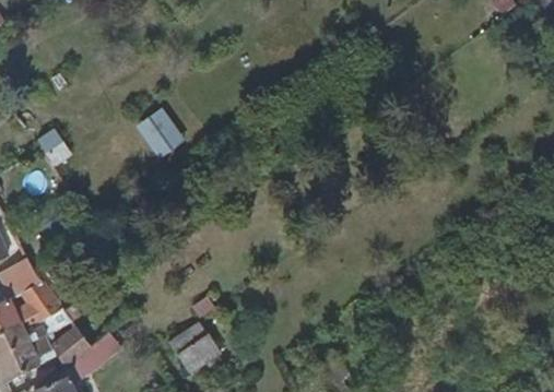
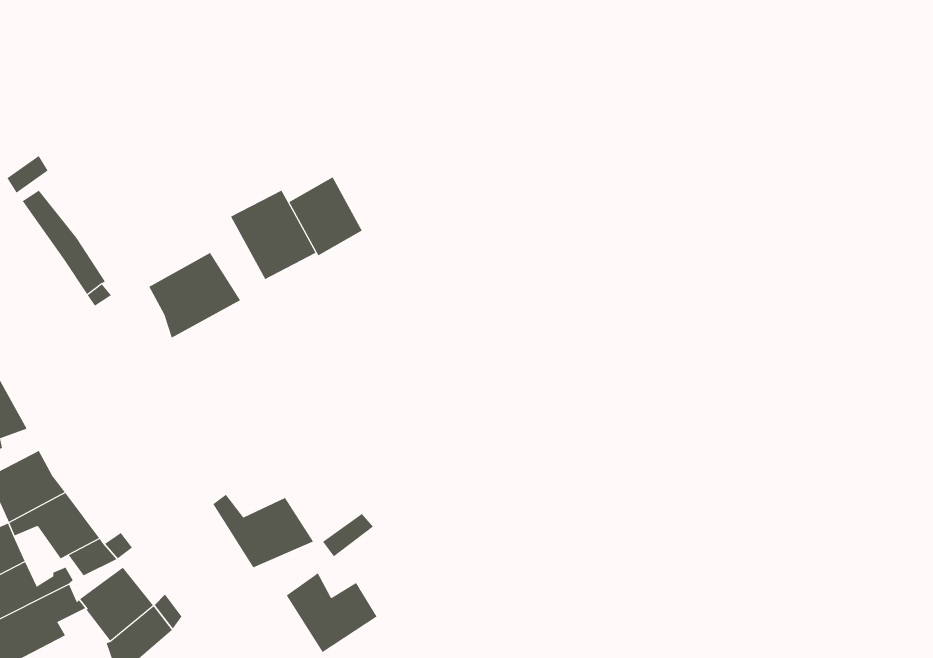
building: none -> [288,176,362,256]
building: none -> [149,252,241,338]
building: none -> [213,494,314,568]

